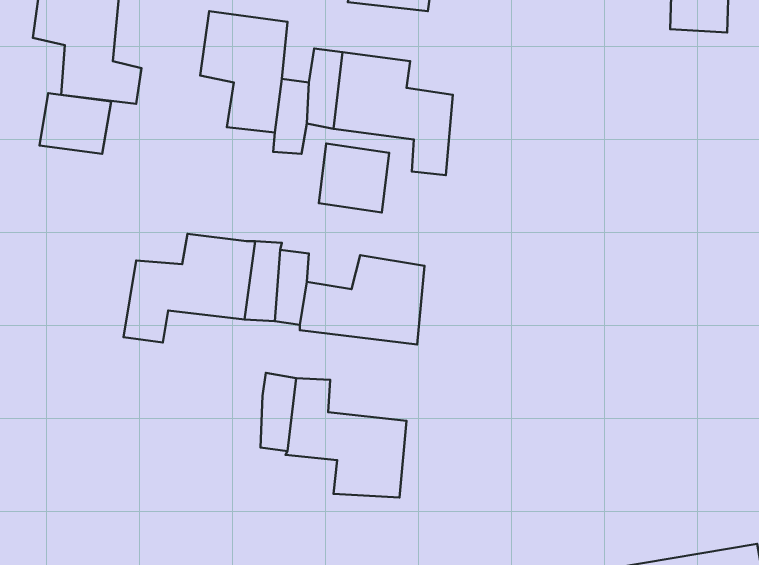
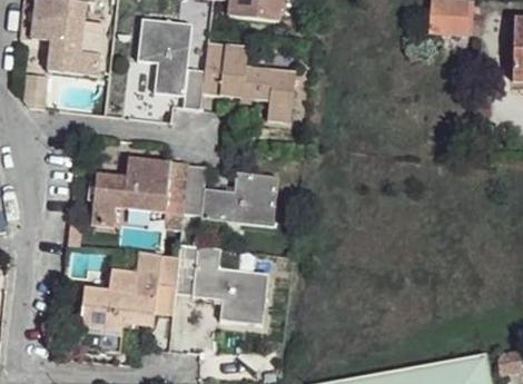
building: [39,93,111,154] -> none
building: [319,144,389,213] -> none
building: none -> [79,254,162,352]

